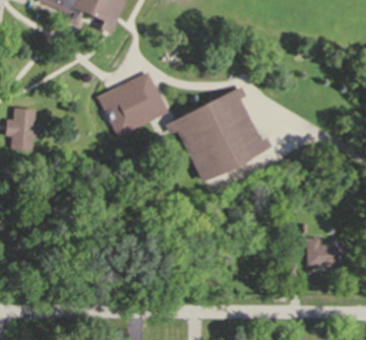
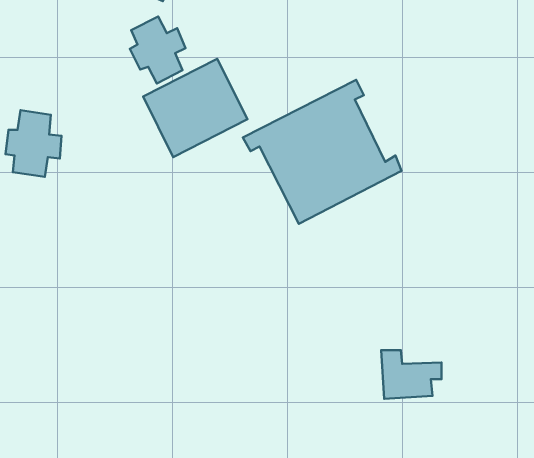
building: none -> [130,16,186,84]
building: [305,234,346,267] -> [381,350,442,399]

